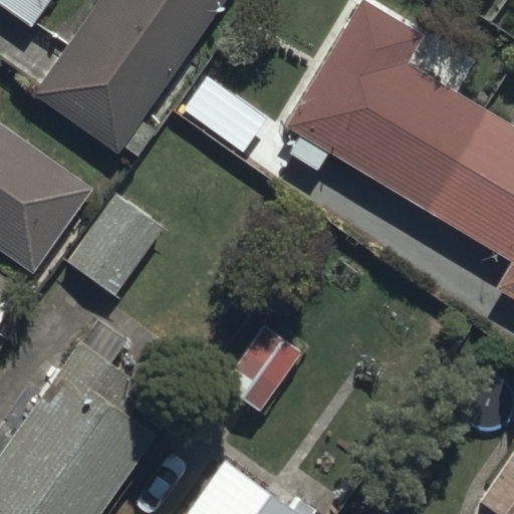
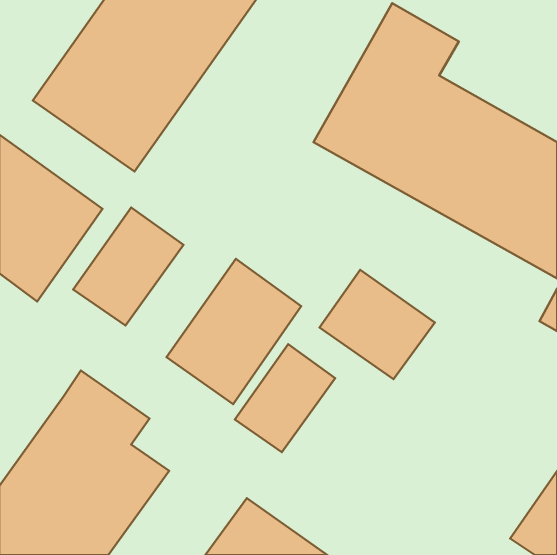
building: none -> [166,259,301,404]
building: none -> [320,270,435,379]

